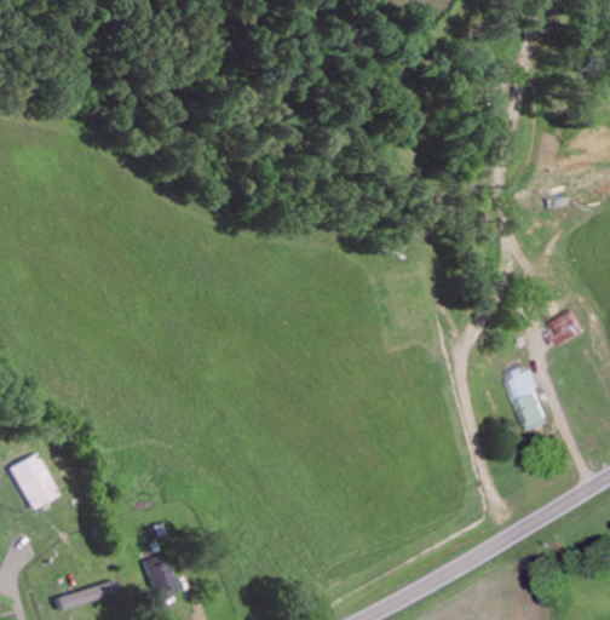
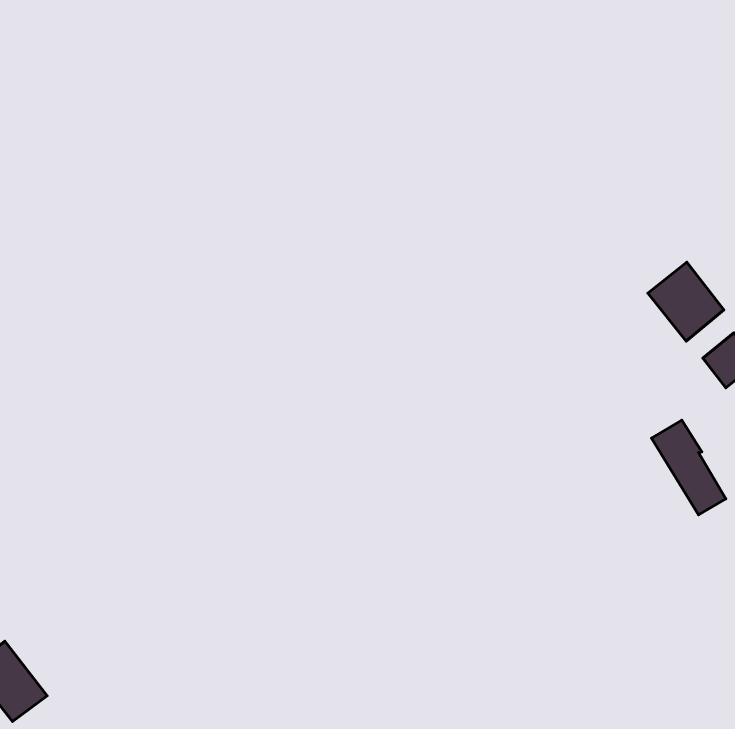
building: none -> [648,262,724,341]

